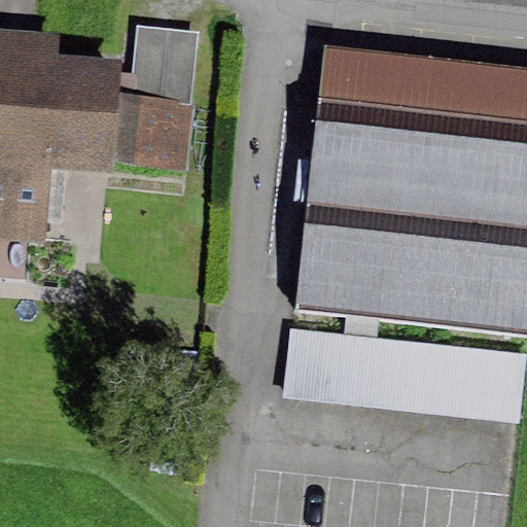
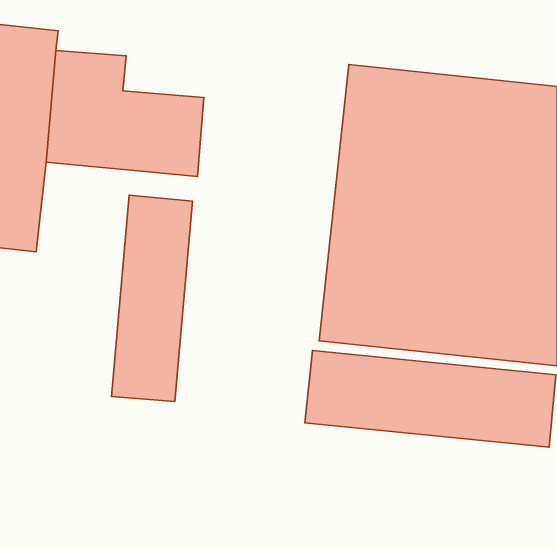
building: [130,19,198,92] -> none
building: none -> [112,195,193,402]

